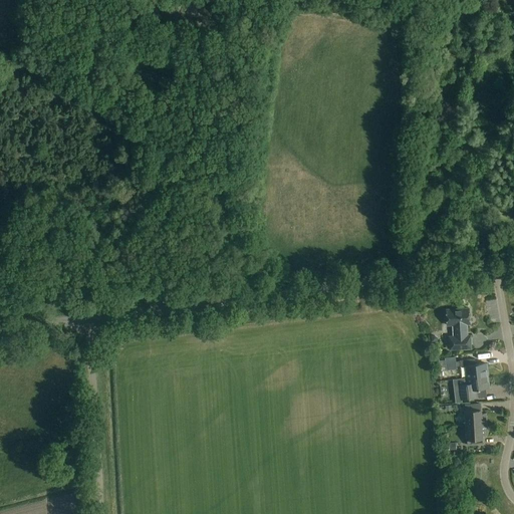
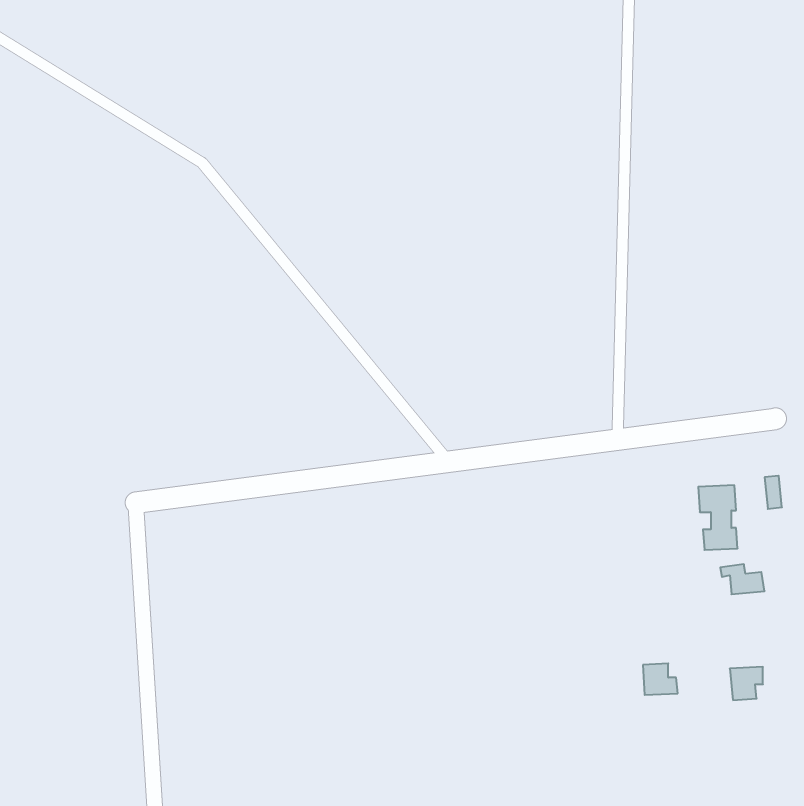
building: [459,375,487,400] -> none
building: [463,405,485,425] -> [643,663,678,695]

